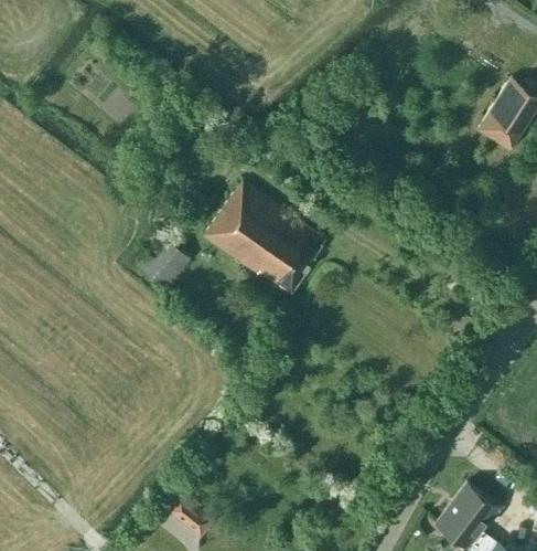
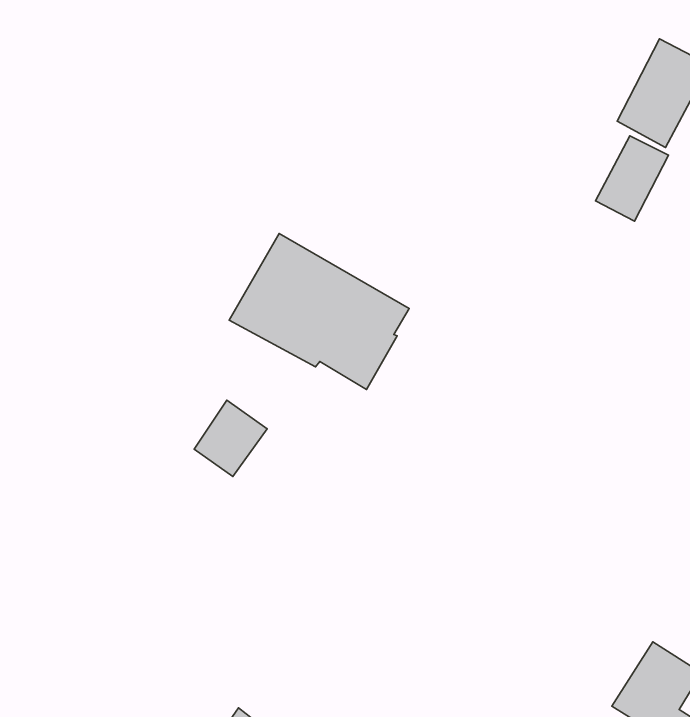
building: none -> [595,136,668,221]
building: [139,237,190,289] -> [194,400,267,476]

